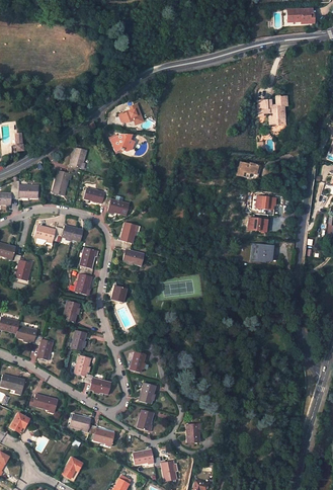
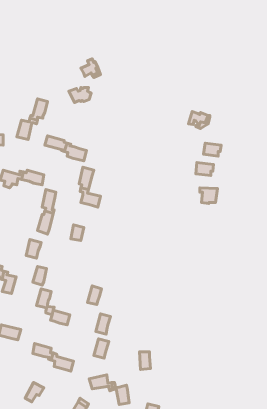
building: [256,98,285,128] -> none

